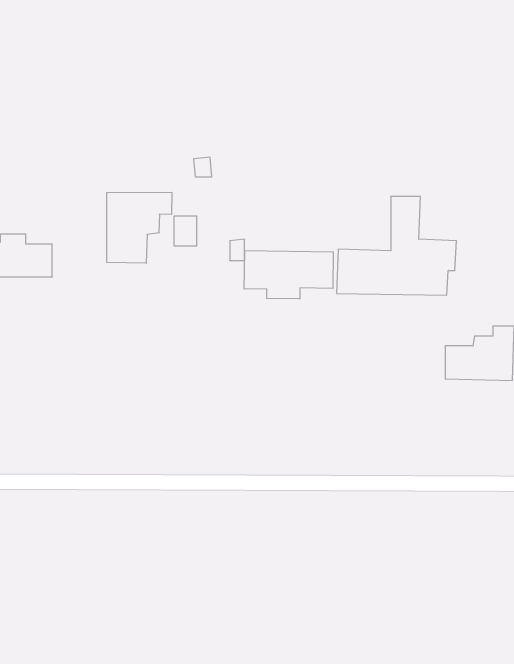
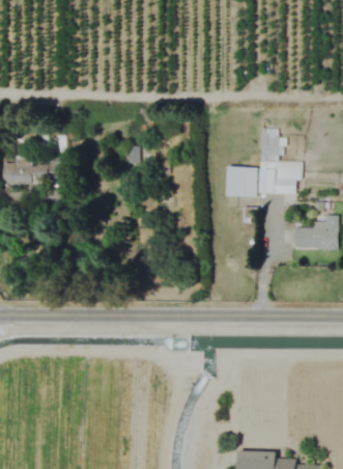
building: [107,192,172,263] -> none
building: [244,251,333,299] -> none

